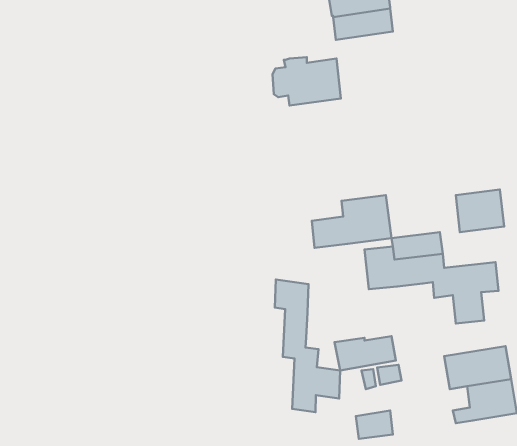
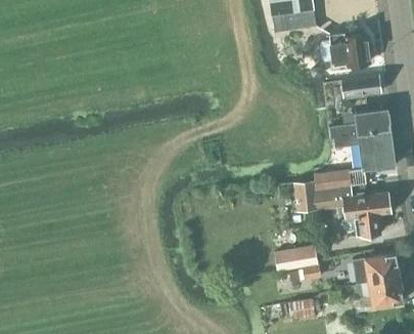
building: [273,57,341,106] -> [320,33,369,68]
building: none -> [341,76,380,97]
building: [312,195,392,248] -> [334,110,392,148]
building: [275,280,340,412] -> none

